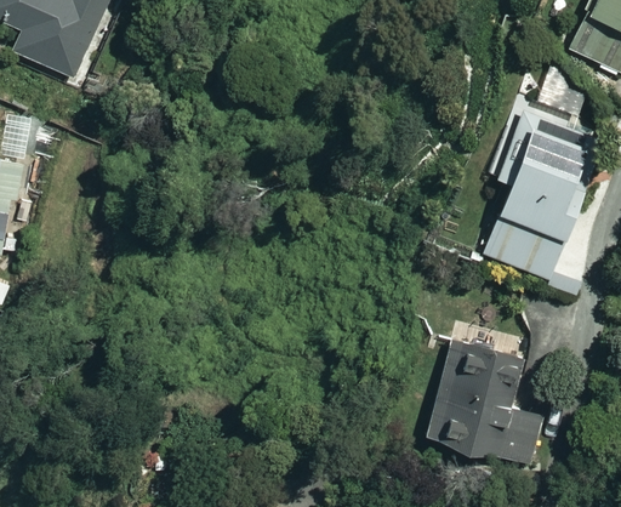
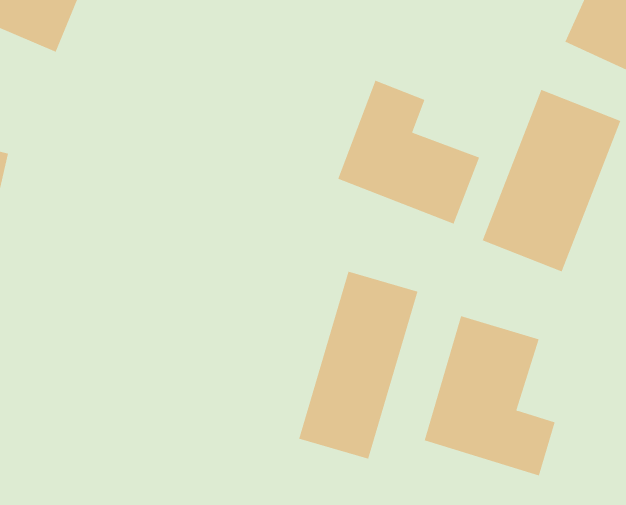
building: none -> [338,80,480,225]
building: none -> [299,271,418,460]

